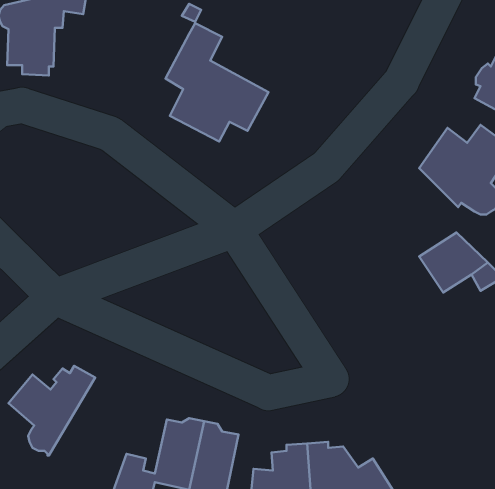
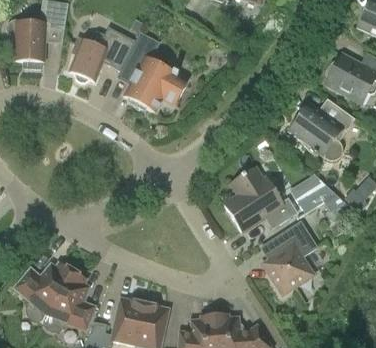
building: none -> [68,26,135,82]
building: none -> [224,167,295,230]
building: none -> [261,221,316,295]
building: none -> [41,270,94,329]

